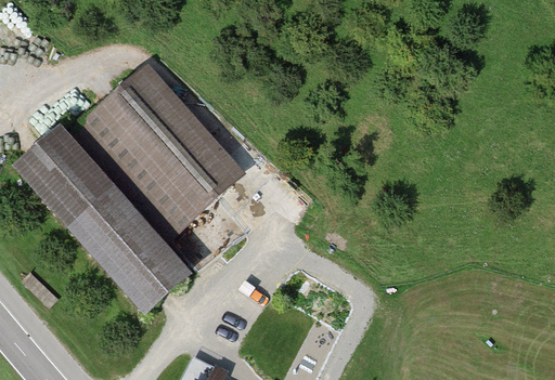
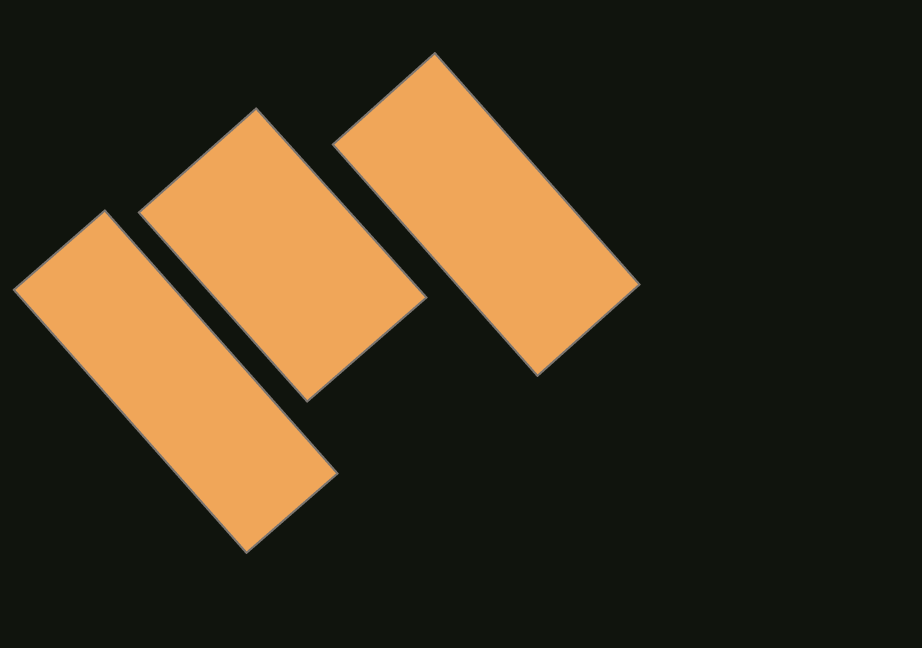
building: none -> [333,53,640,376]

